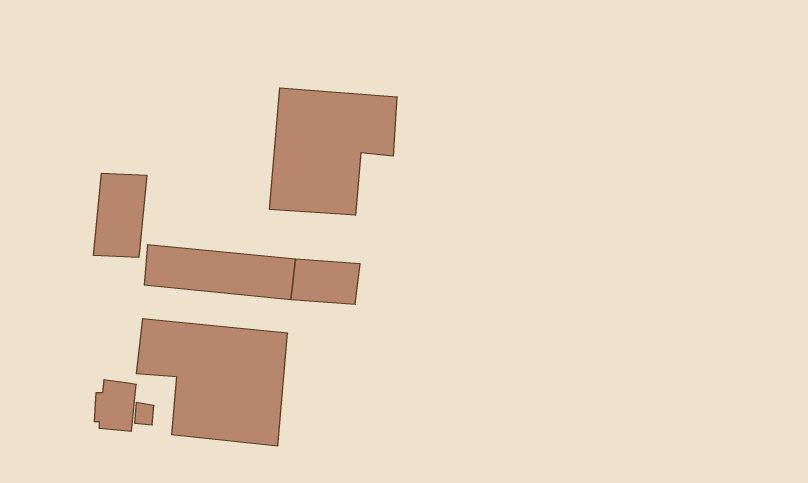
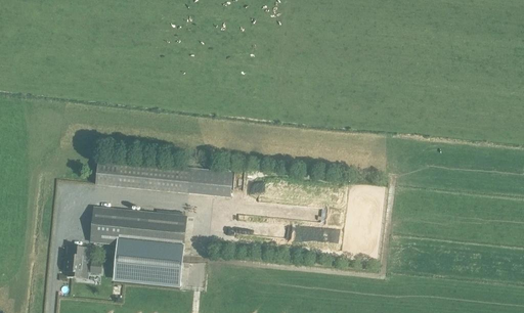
building: [270,88,397,215] -> none
building: [93,173,147,257] -> none

